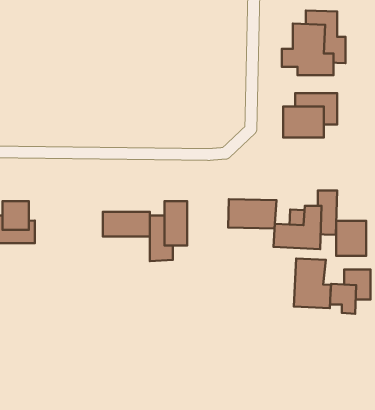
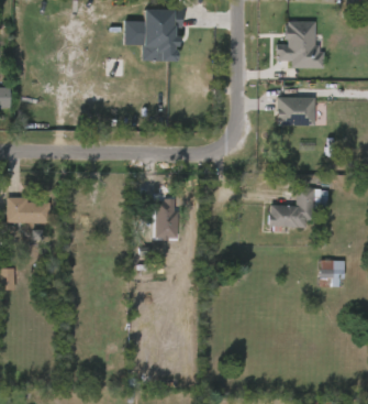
building: none -> [140,11,178,64]
building: [228,199,276,229] -> none
building: [103,212,150,236] -> none
building: [336,221,366,256] -> none
building: [294,258,331,308] -> none

